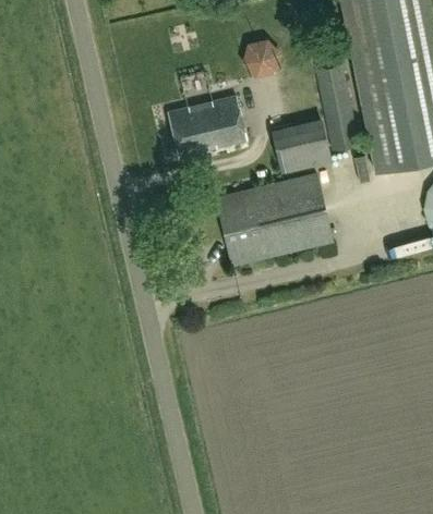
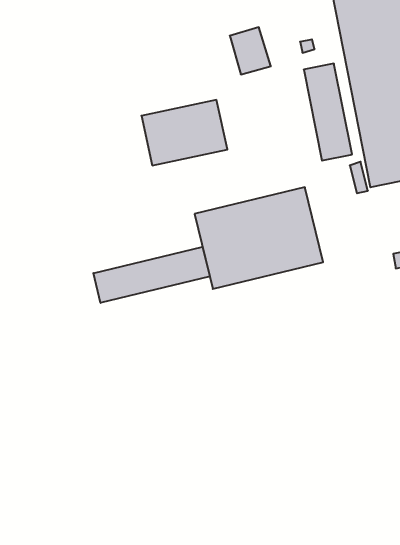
building: [272,119,333,173] -> none
building: none -> [93,247,210,303]

